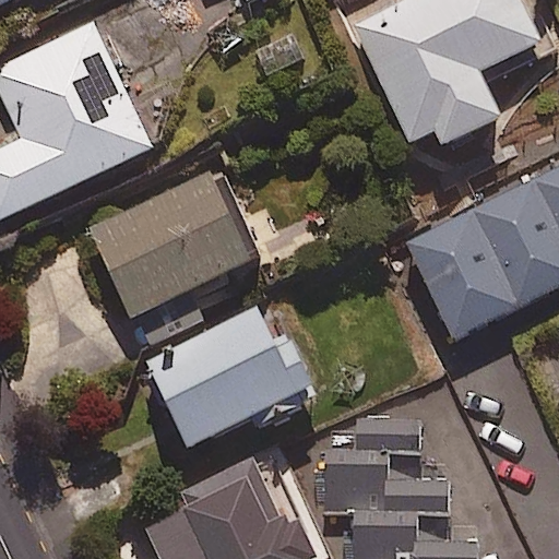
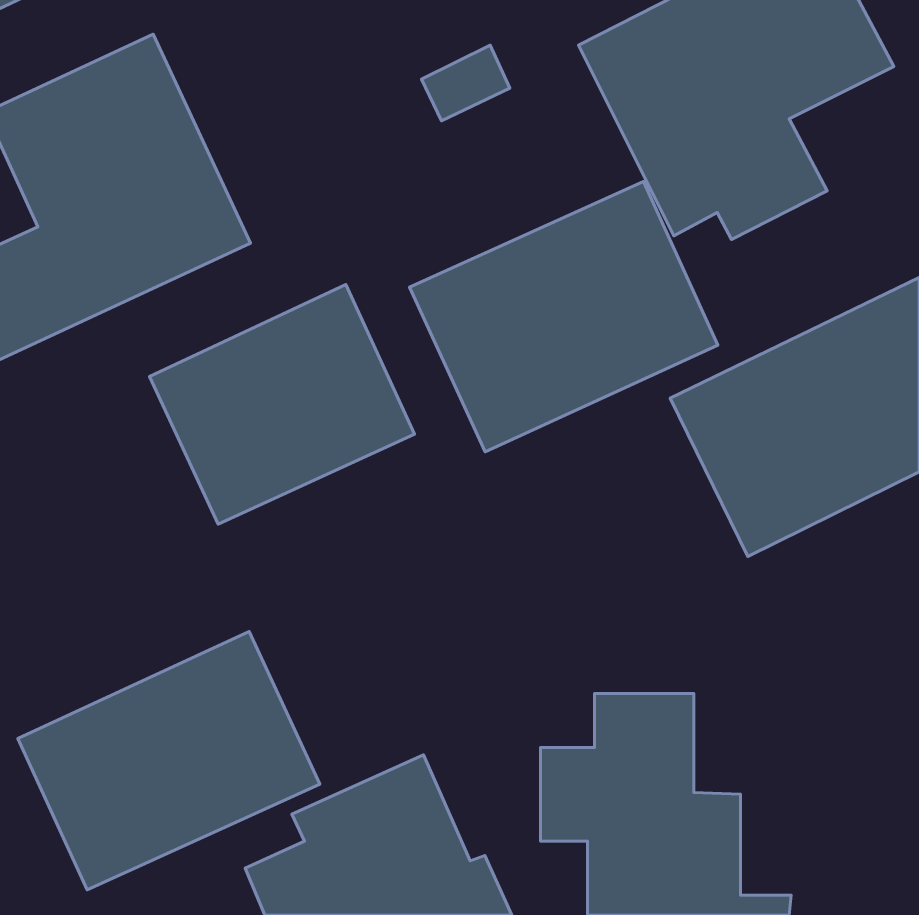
building: none -> [409,182,718,452]
building: [145,309,313,451] -> none
building: none -> [18,632,320,890]

